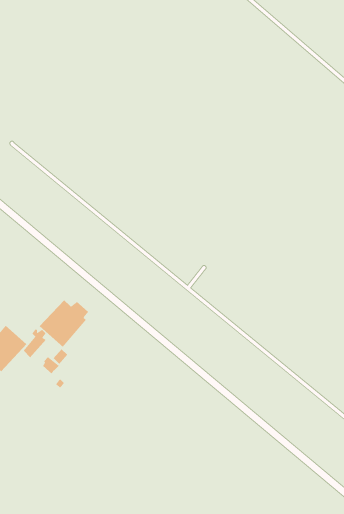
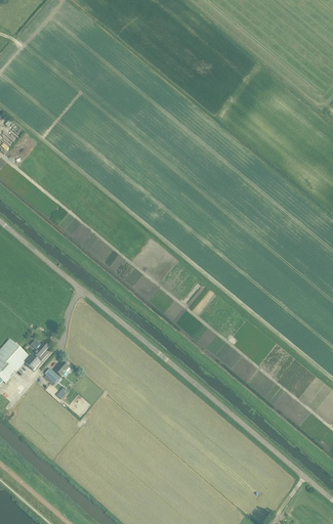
building: [39,299,89,347] -> none

